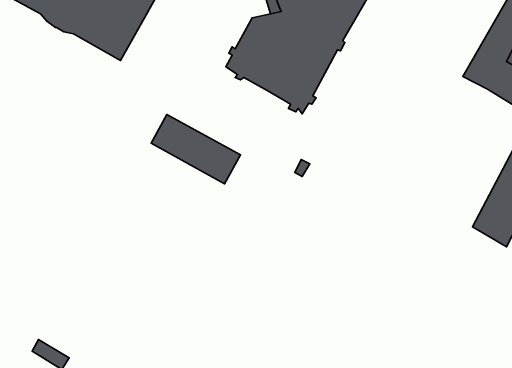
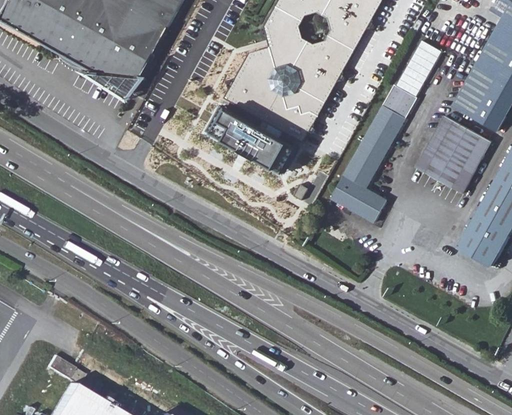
building: none -> [332,40,441,221]
building: none -> [417,115,491,191]
building: [151,114,240,184] -> [209,104,293,169]

